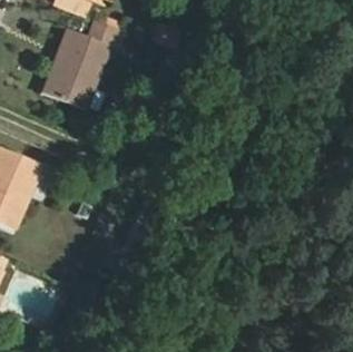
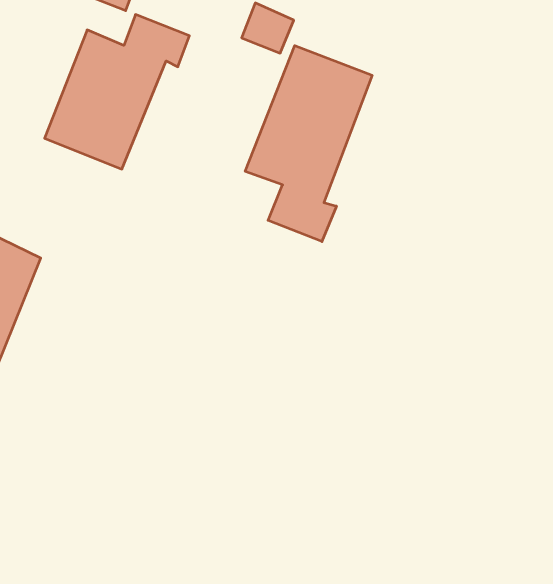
building: none -> [245,46,372,242]

